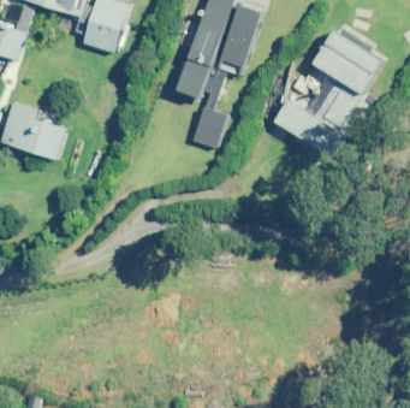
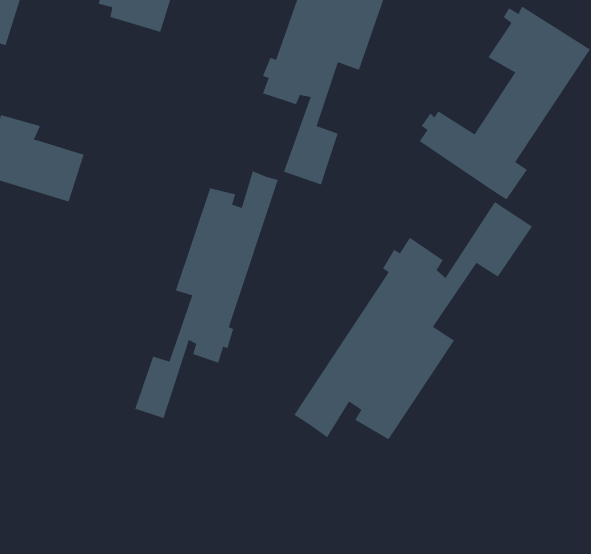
building: none -> [135,171,278,419]
building: none -> [294,201,533,440]

